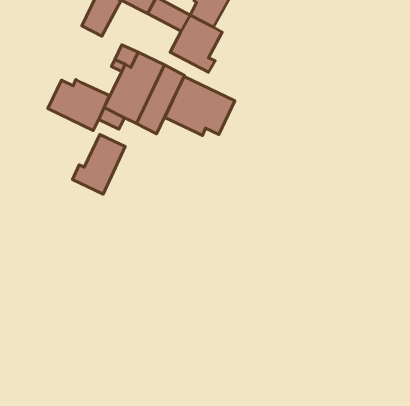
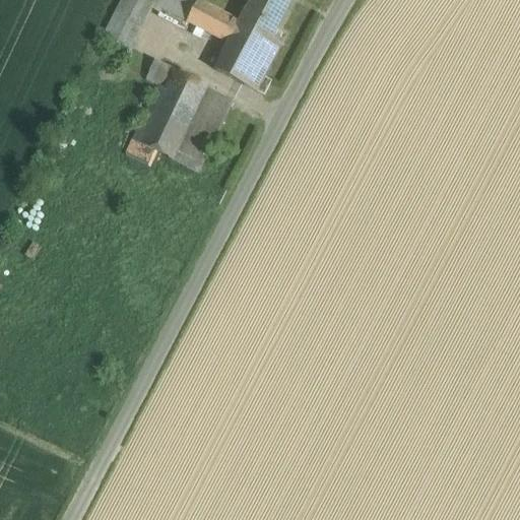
building: [165,76,235,136] -> none
building: [48,79,110,131] -> none
building: [73,135,125,194] -> none

